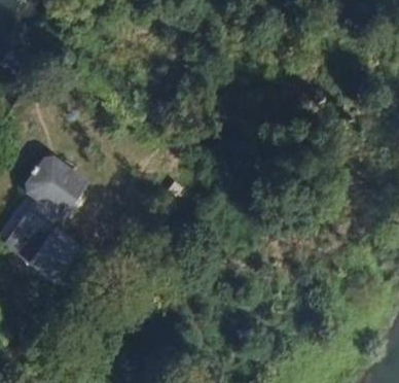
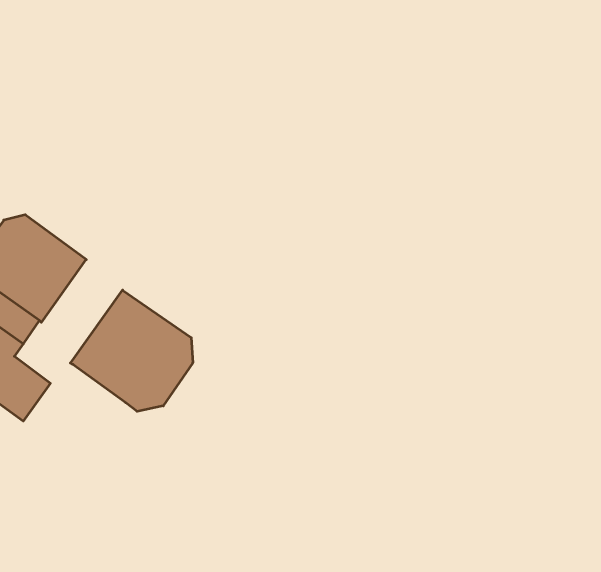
building: none -> [70,290,193,411]

